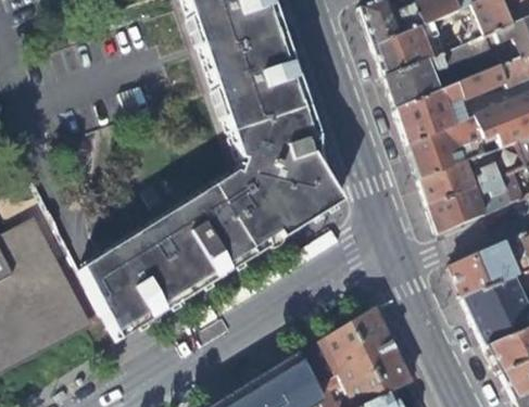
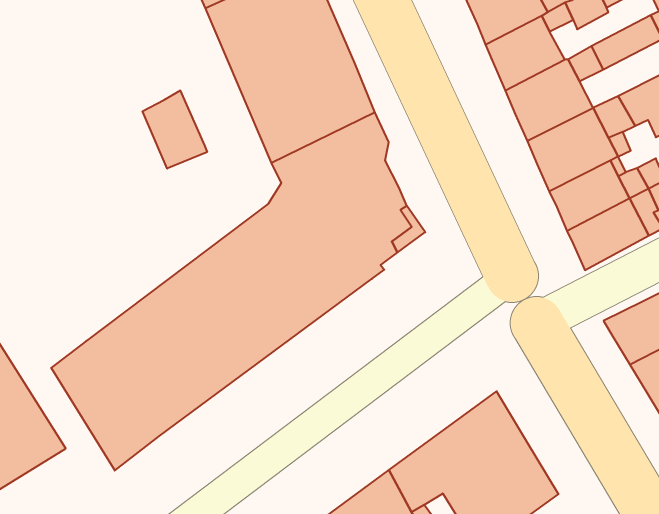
building: none -> [143,90,207,169]

